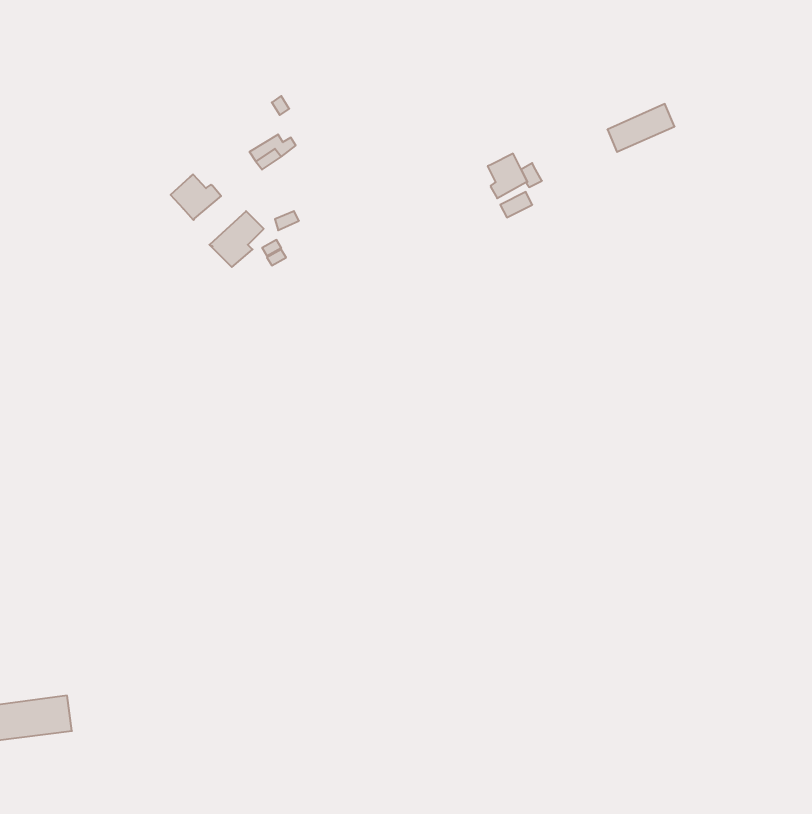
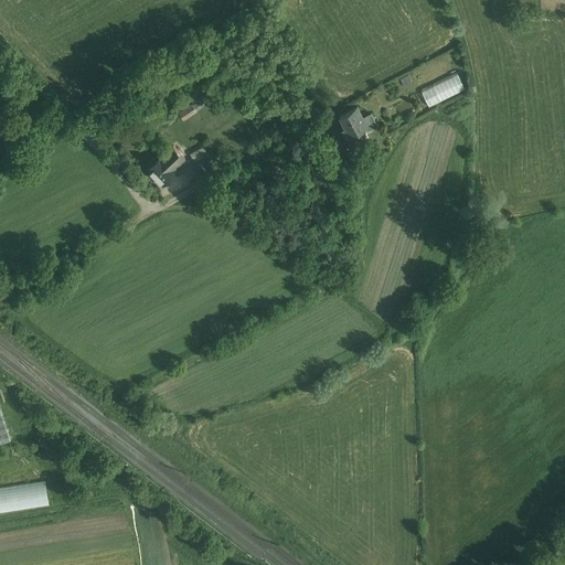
building: [171,174,221,220] -> none

